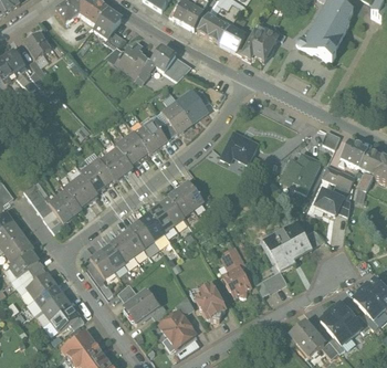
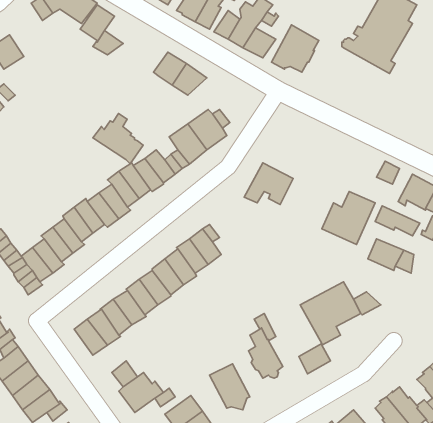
building: [116,40,155,78] -> [93,114,143,164]

